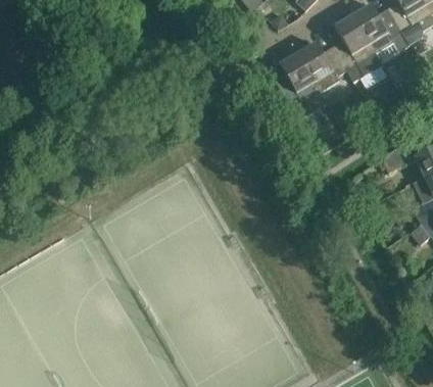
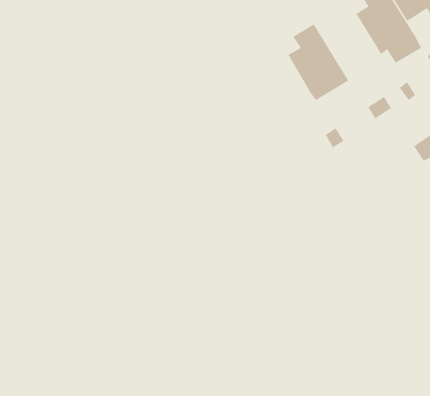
building: [297,42,353,90] -> none

